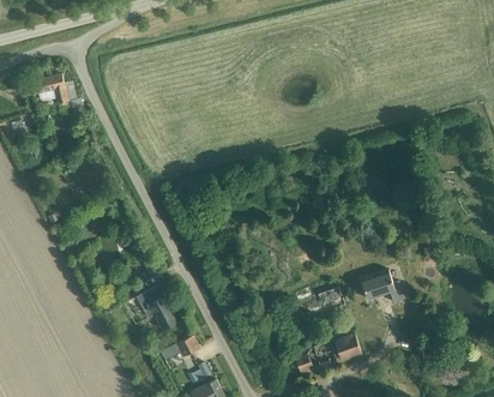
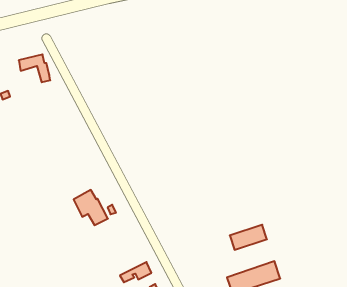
building: [362,271,404,303] -> none
building: [135,284,179,329] -> [74,190,108,225]

